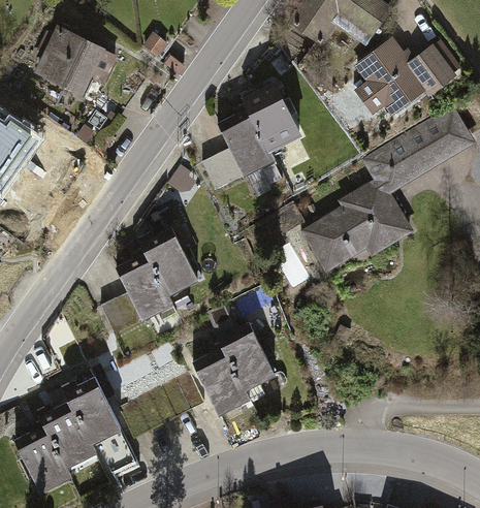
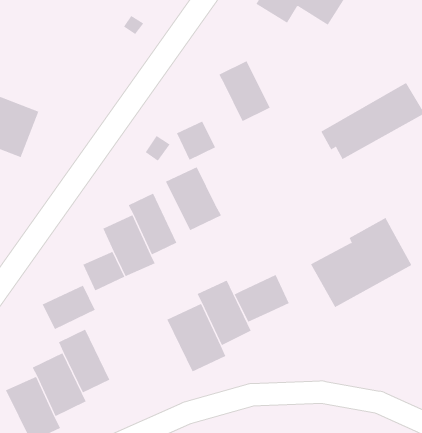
building: [33,25,117,99] -> none
building: [352,36,458,118] -> none
building: [216,107,278,178] -> [165,166,222,231]
building: [291,178,403,277] -> [310,217,412,308]
building: none -> [234,274,290,323]
building: none -> [42,285,96,330]

